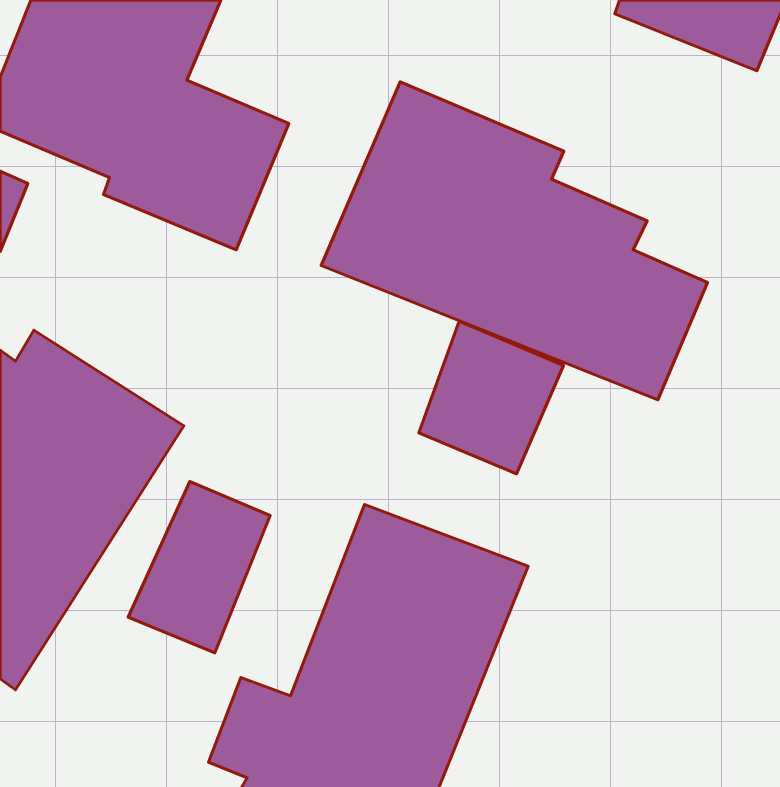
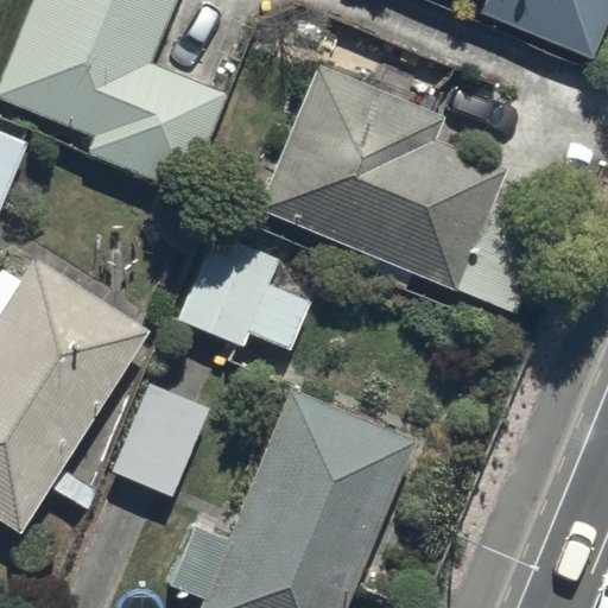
building: none -> [176,229,311,350]
building: [419,321,564,474] -> none

